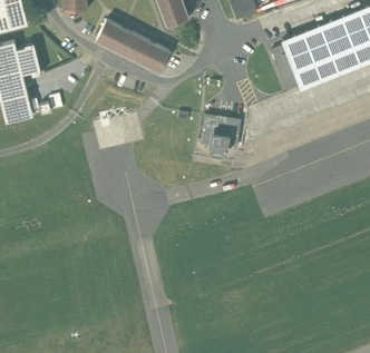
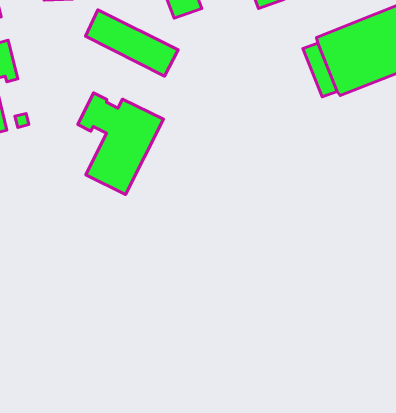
building: none -> [78,93,164,195]
building: [202,117,240,154] -> none

